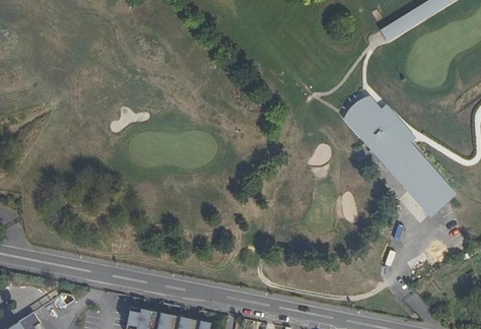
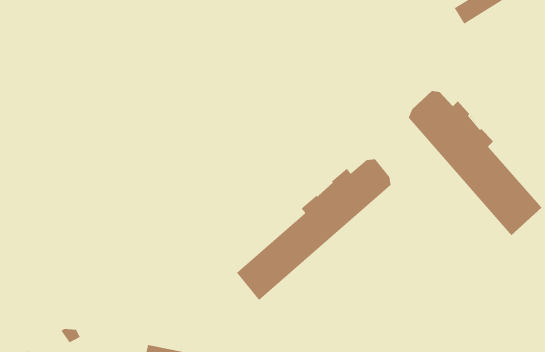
building: none -> [236,158,391,301]

